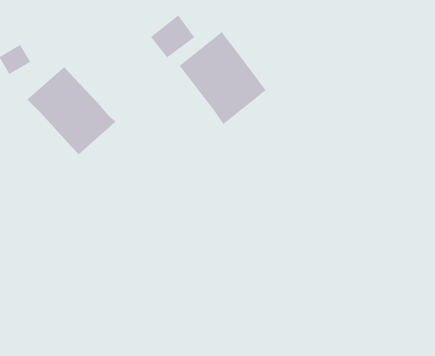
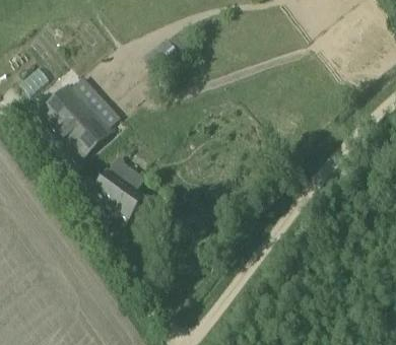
building: [179,31,266,125] -> none
building: none -> [91,153,148,214]

